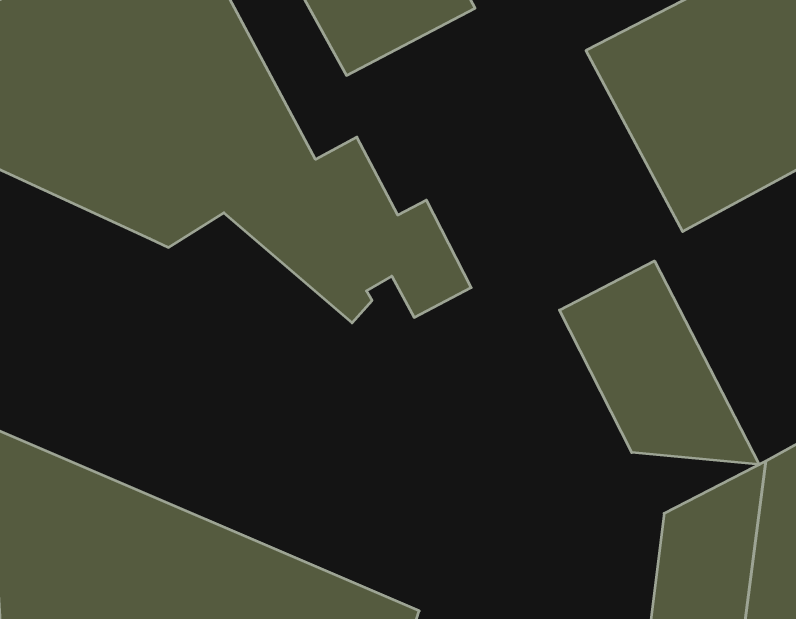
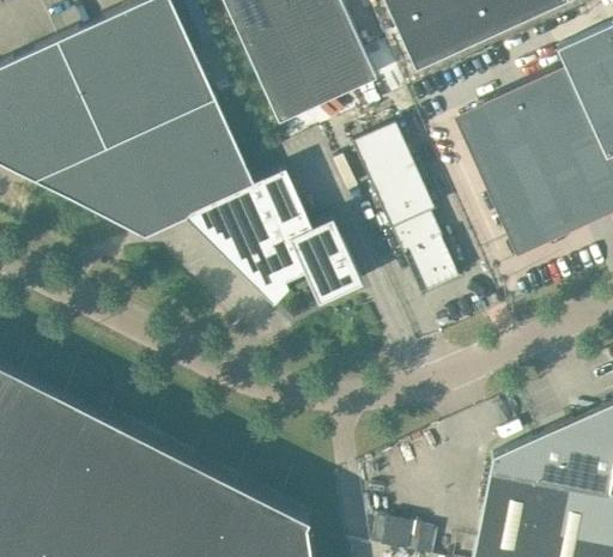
building: none -> [352,121,462,298]
building: [559,261,759,465] -> none

